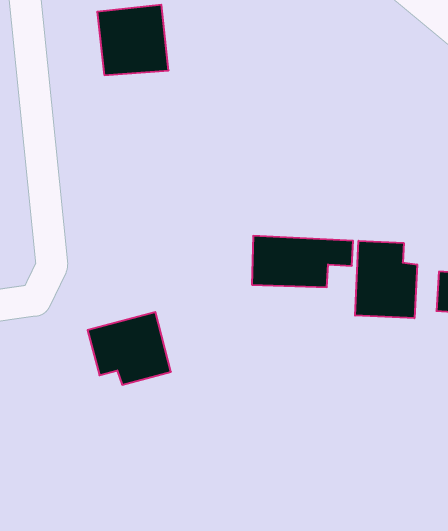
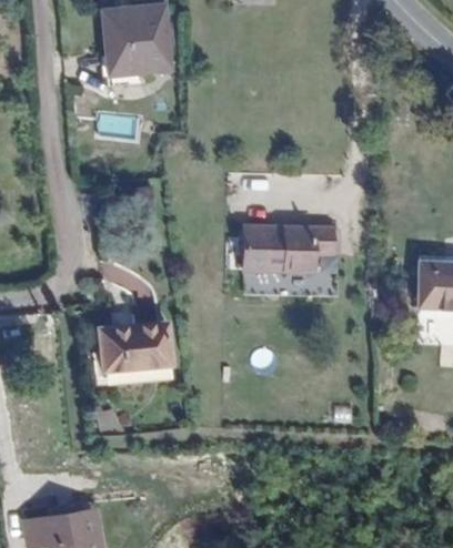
building: [355,241,417,318] -> none

